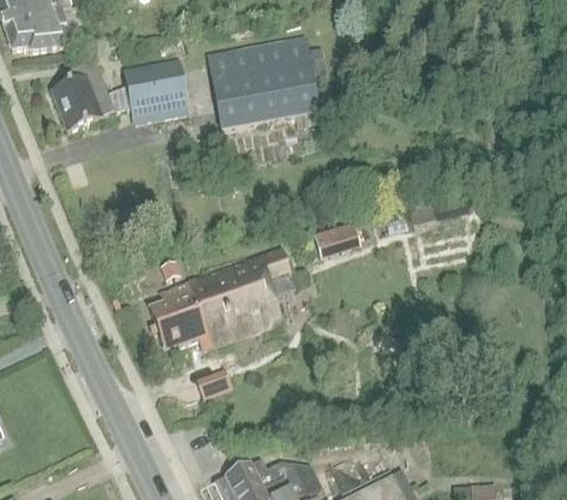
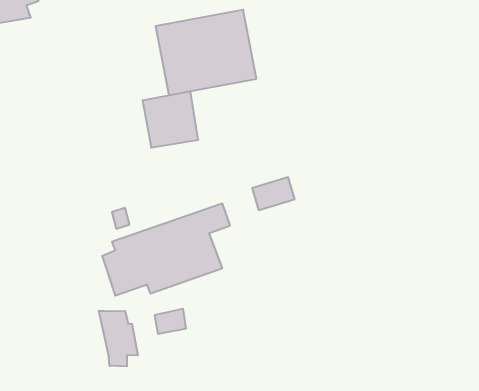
building: [49,59,114,131] -> none
building: [124,60,185,121] -> [142,92,198,148]
building: none -> [99,311,138,366]

